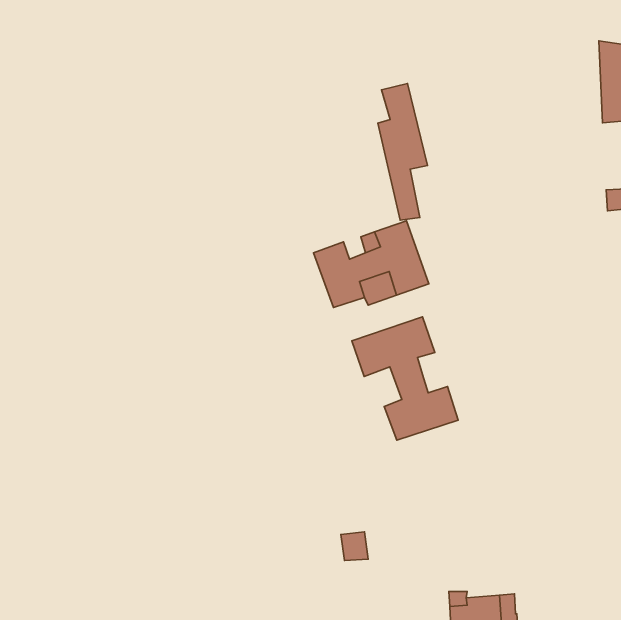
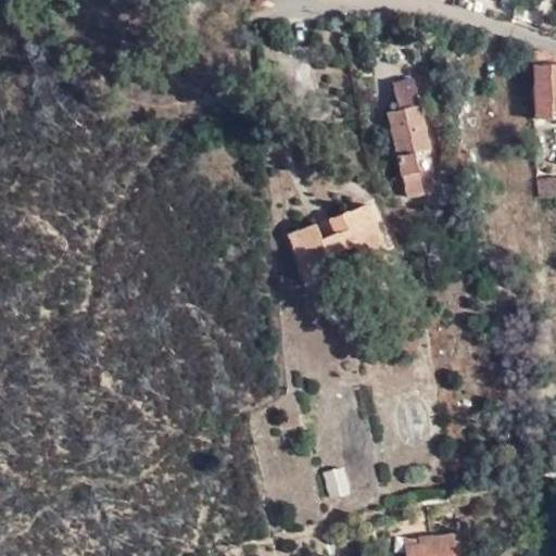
building: [378,84,427,220] -> [387,75,430,194]
building: [352,317,458,440] -> none

